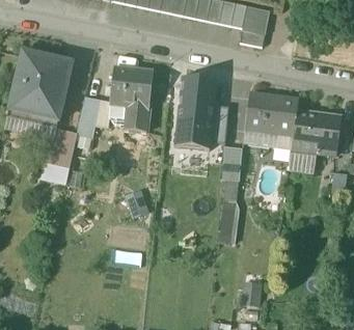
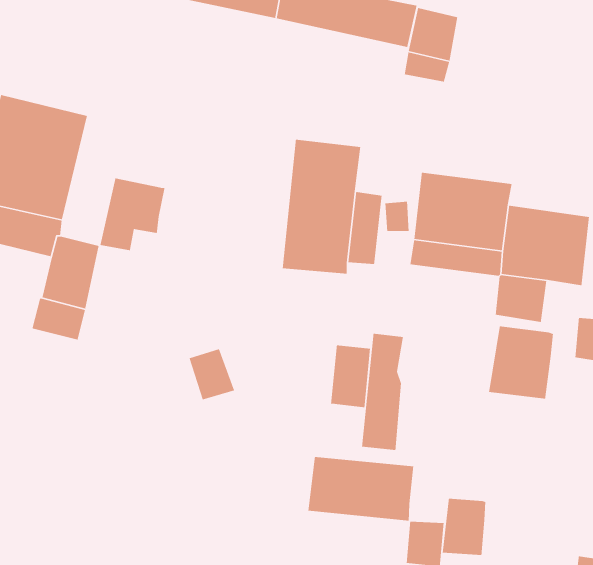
building: [109,67,153,130] -> none
building: [221,146,243,181] -> [330,344,371,408]
building: none -> [488,326,554,399]
building: none -> [308,456,414,522]
building: none -> [442,498,486,556]

